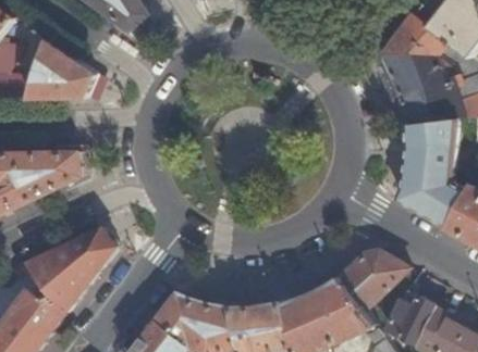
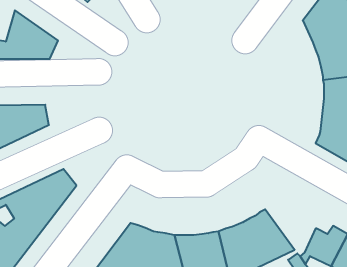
building: [339,251,409,332] -> none

